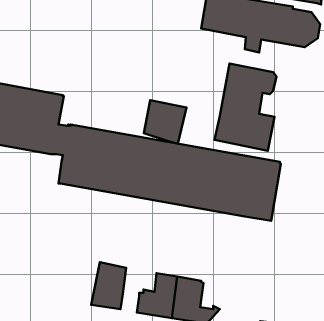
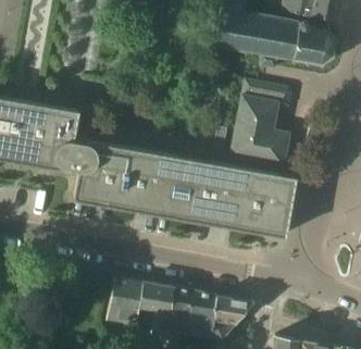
building: [144,100,187,144] -> none
building: none -> [138,283,172,311]
building: none -> [215,297,254,324]

